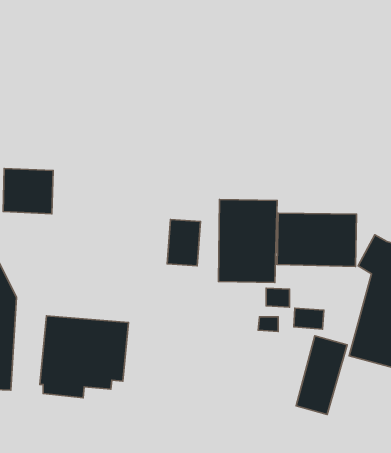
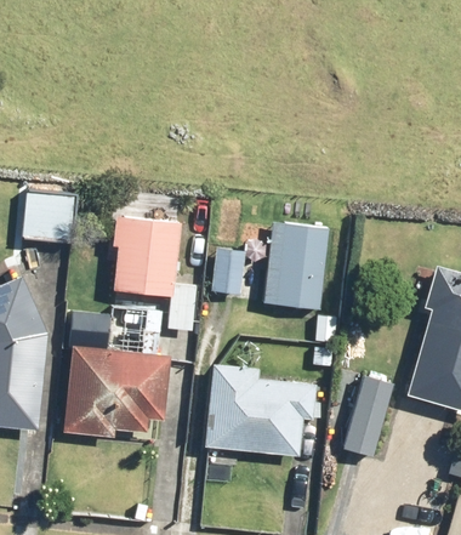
building: none -> [110,210,192,334]
building: [277,213,357,267] -> none
building: none -> [205,364,330,478]

